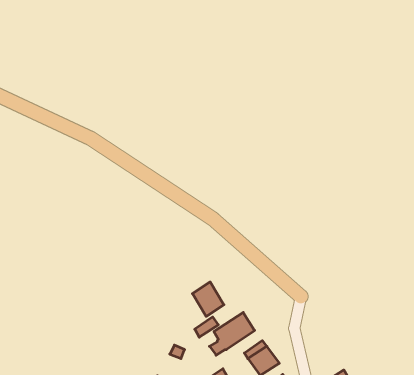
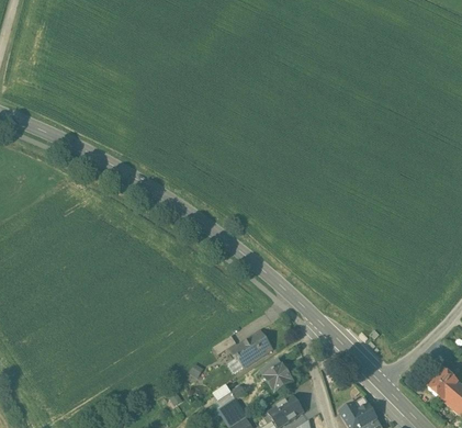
building: [192,282,224,316] -> none

